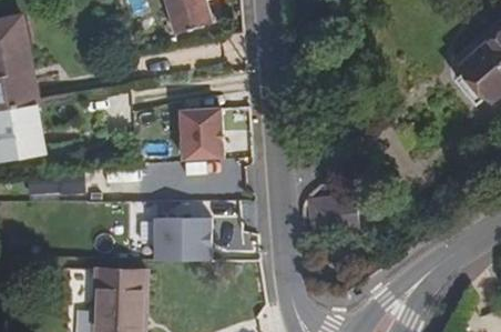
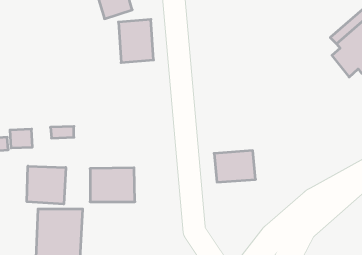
building: [180,108,223,161] -> [118,19,154,63]
building: none -> [27,166,66,204]

